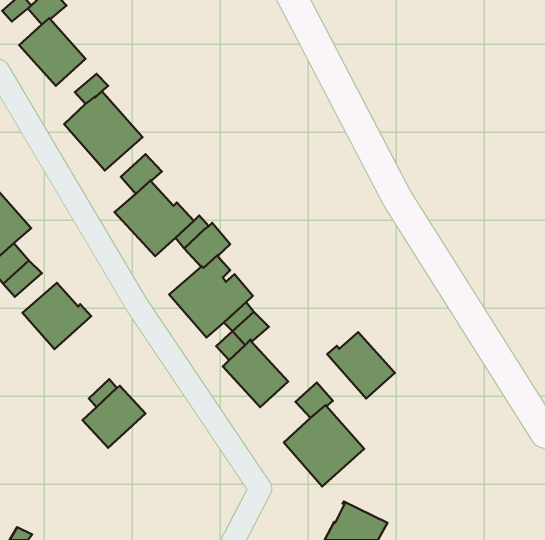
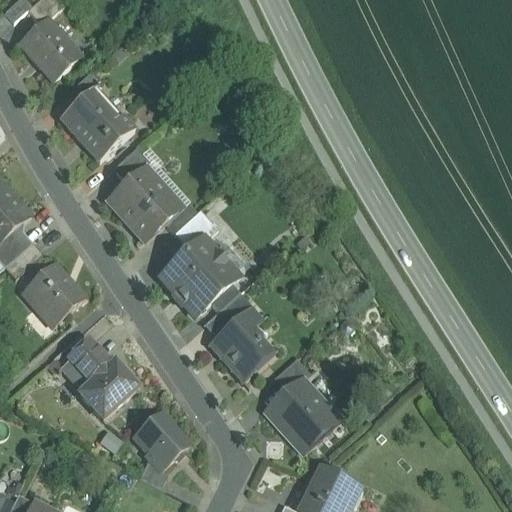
building: [327,332,395,399] -> none
building: none -> [69,339,102,372]
building: none -> [133,412,187,469]

